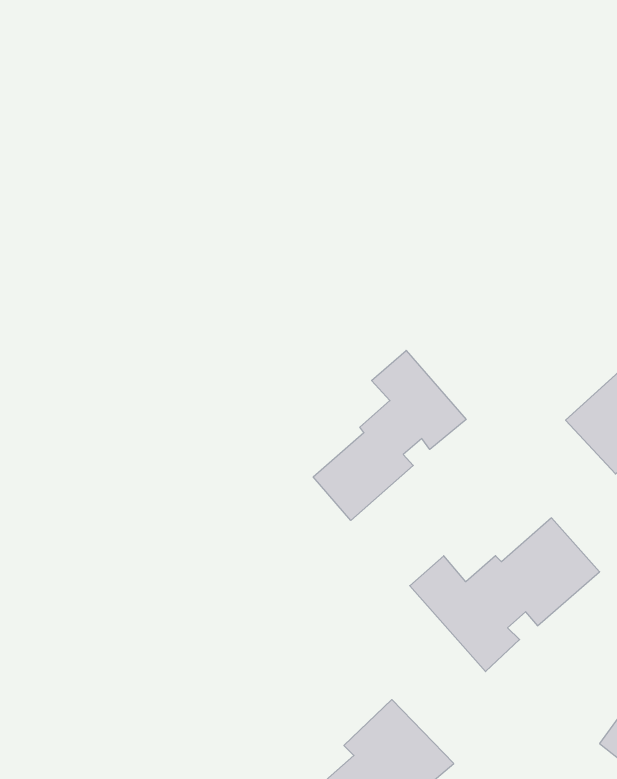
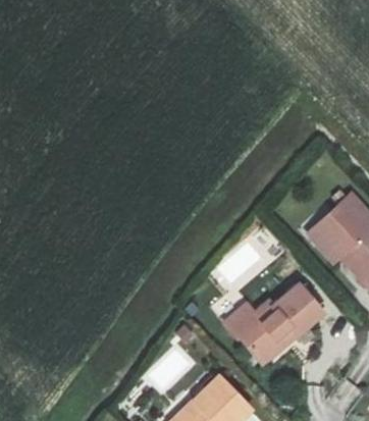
building: [313,350,466,520] -> none

